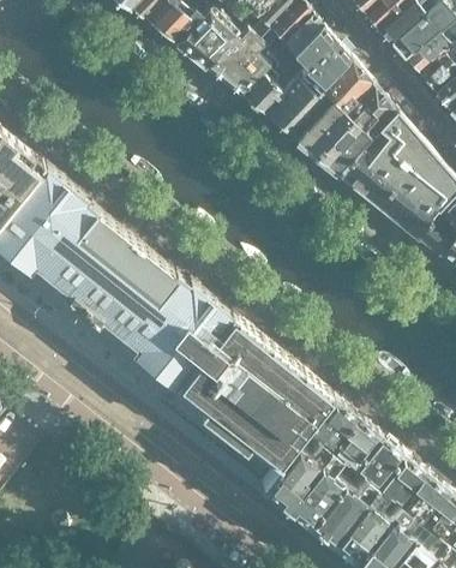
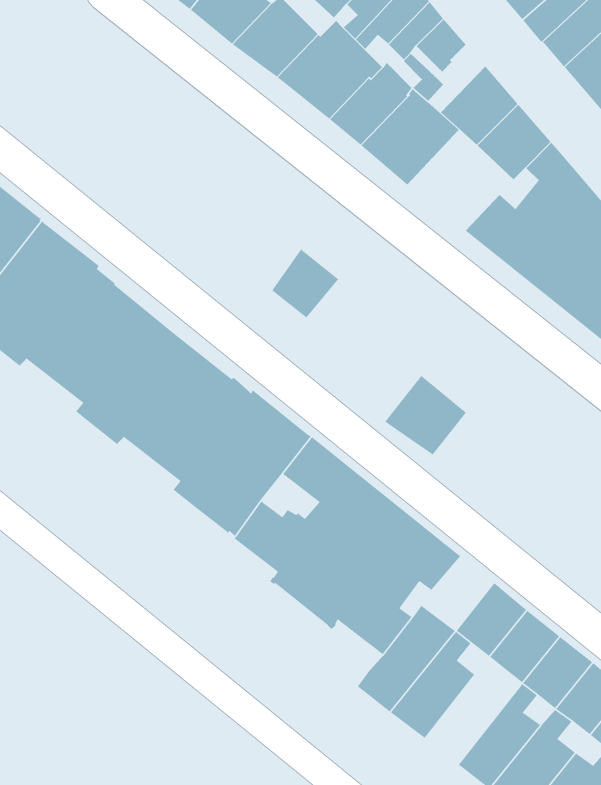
building: [307,43,347,90] -> none
building: [293,102,366,172] -> none
building: none -> [271,248,339,319]
building: none -> [384,375,467,456]
building: [302,396,353,448] -> none
building: [305,476,372,540] -> none

